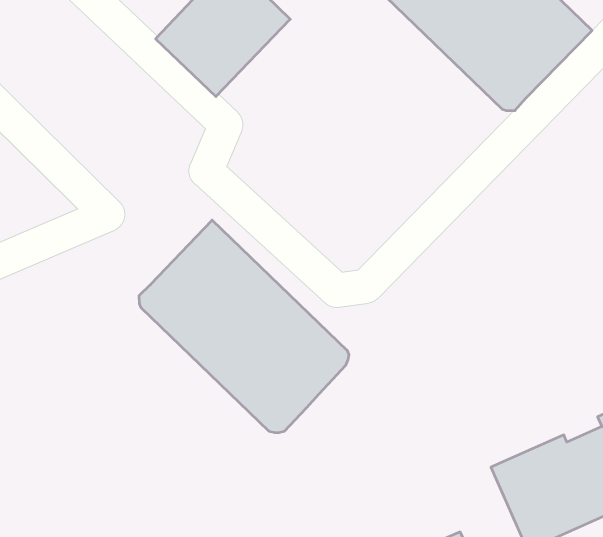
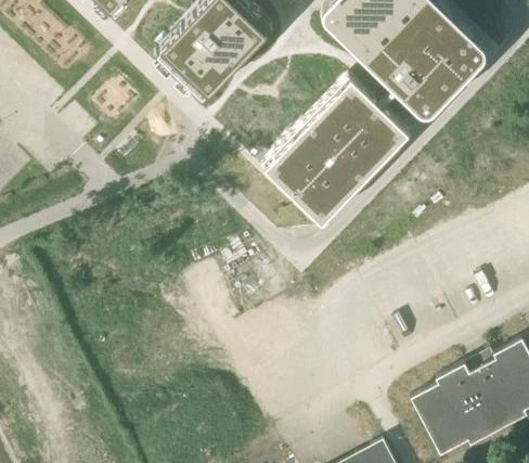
building: none -> [262,76,412,226]
building: [139,220,349,433] -> none

